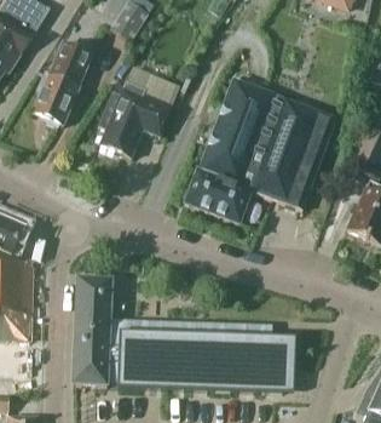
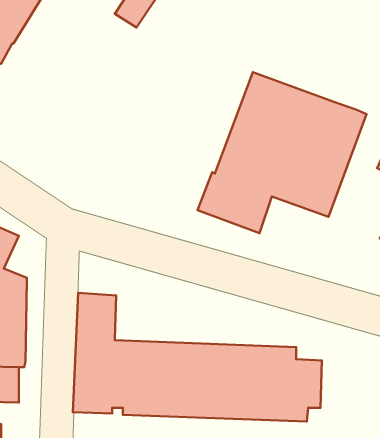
building: [33,44,92,124] -> none
building: [99,76,175,155] -> none

